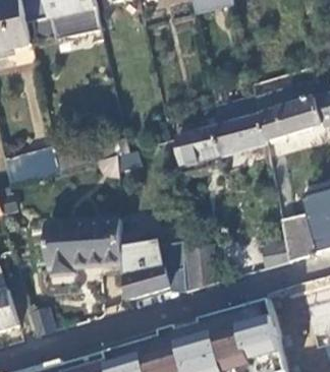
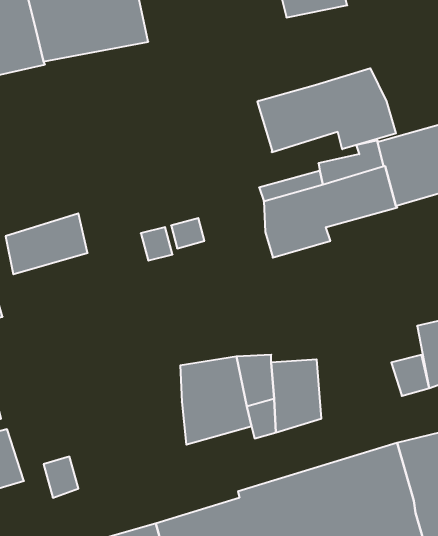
building: none -> [257,68,396,152]
building: [48,215,124,284] -> none

